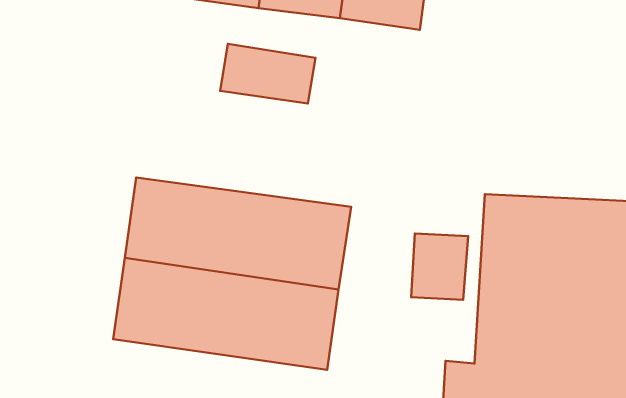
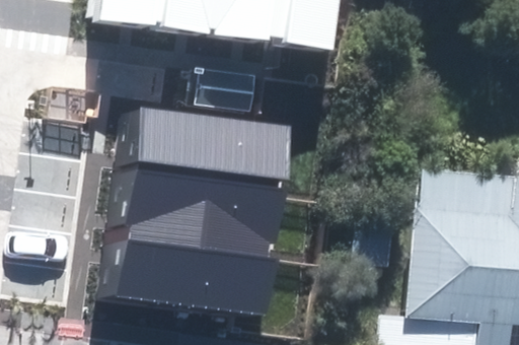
building: none -> [118,101,297,190]

